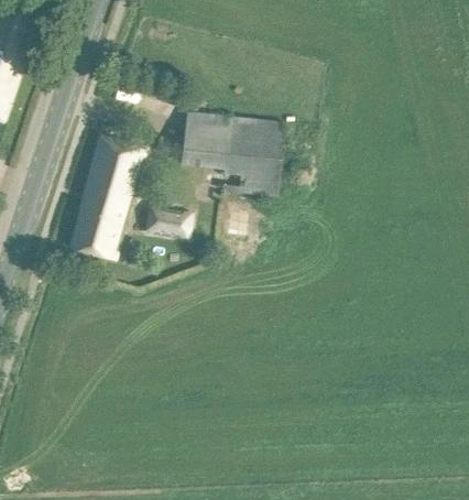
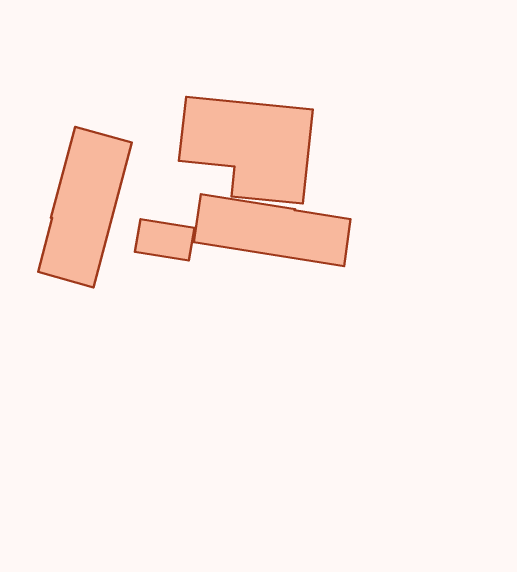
building: none -> [194,194,351,266]

